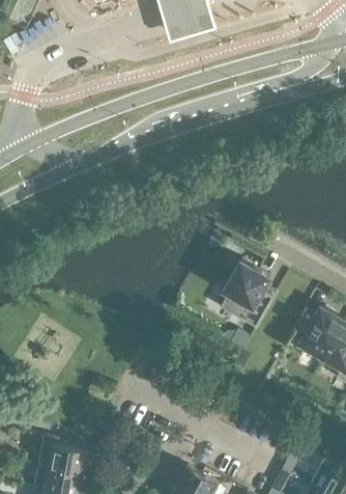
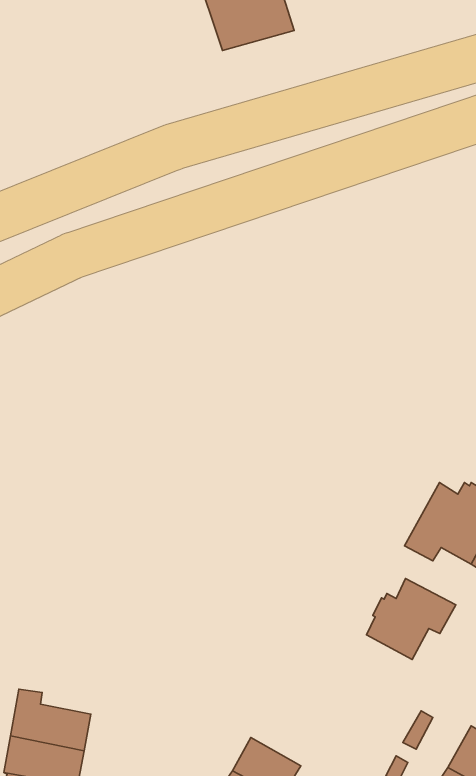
building: [217,268,269,331] -> none
building: none -> [366,578,456,660]

